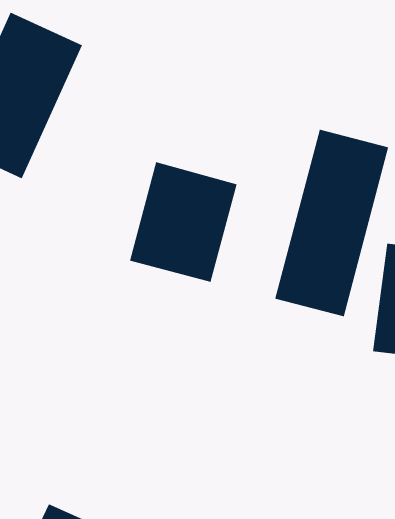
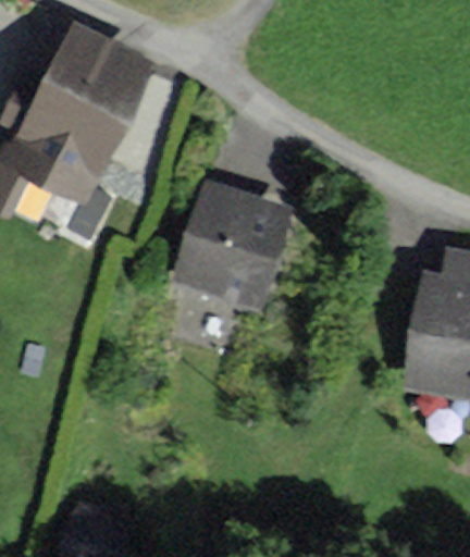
building: [275,129,389,317] -> none

